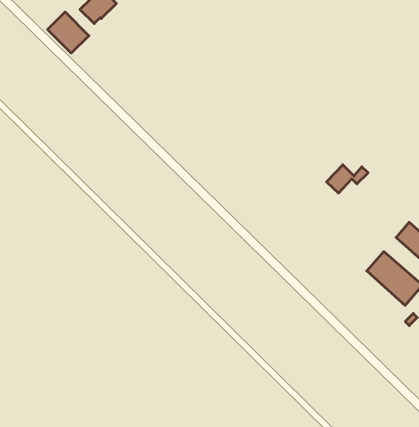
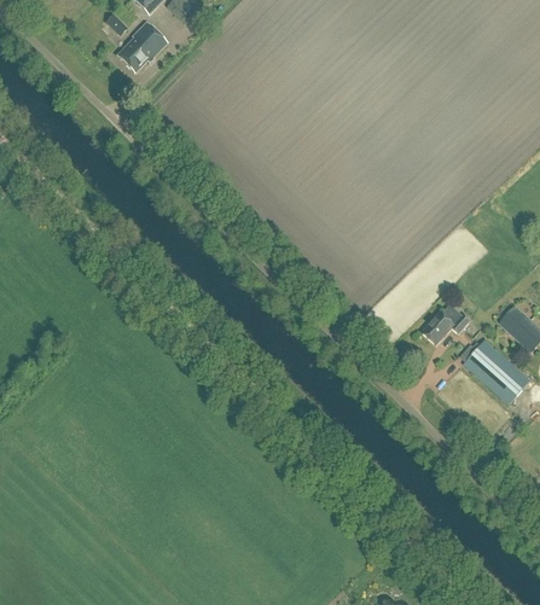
building: [48,12,89,53] -> none
building: [327,165,368,193] -> [422,310,471,344]

